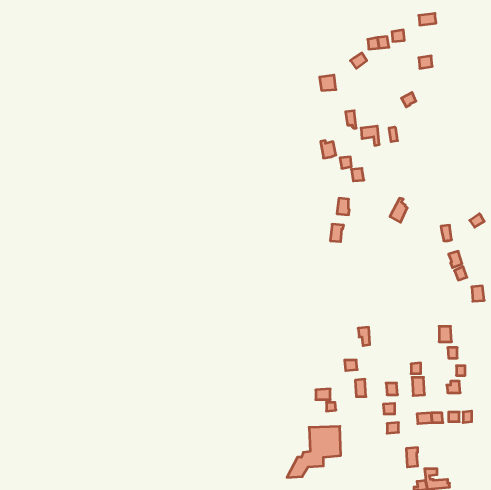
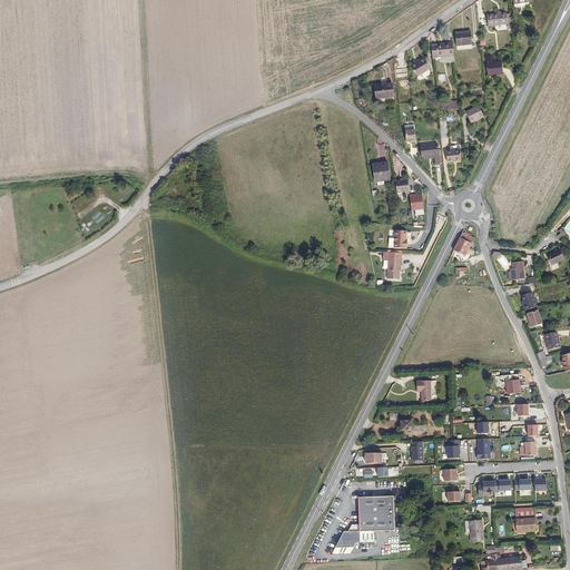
building: none -> [517,503,537,530]

